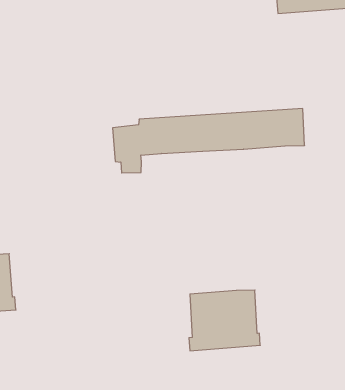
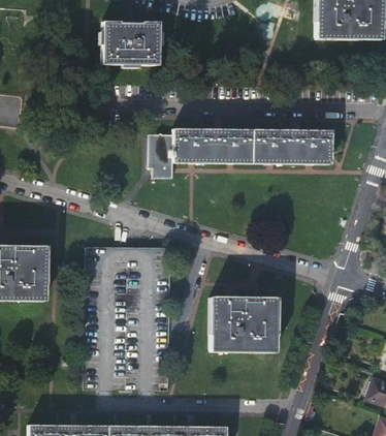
building: none -> [103,23,160,64]

